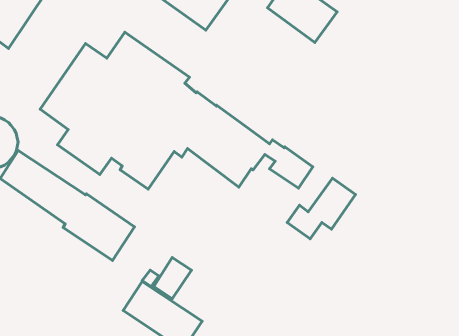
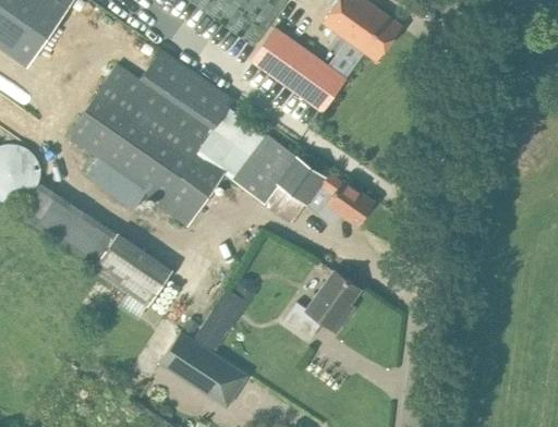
building: none -> [250,26,347,112]
building: [287,178,356,239] -> [282,271,360,340]

